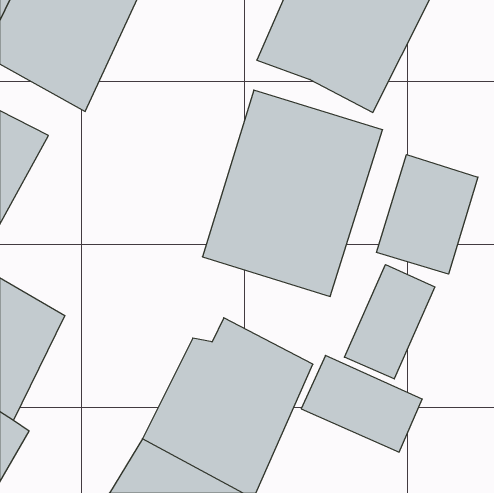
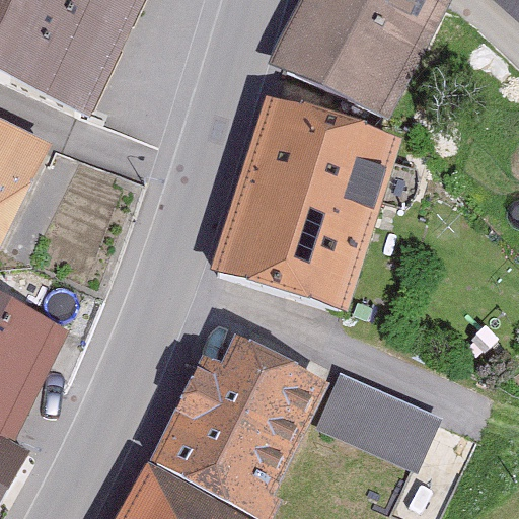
building: [376,155,478,274] -> none
building: [344,265,435,379] -> none

